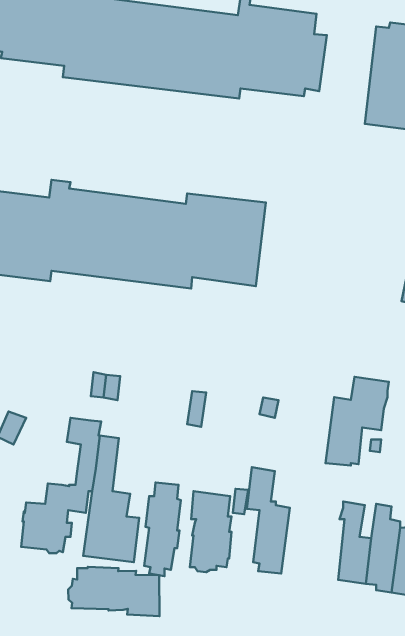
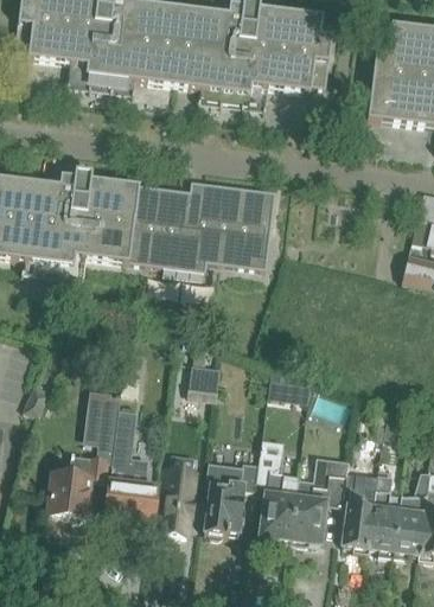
building: [325,377,389,466] -> [289,458,349,541]
building: [68,567,159,616] -> none

